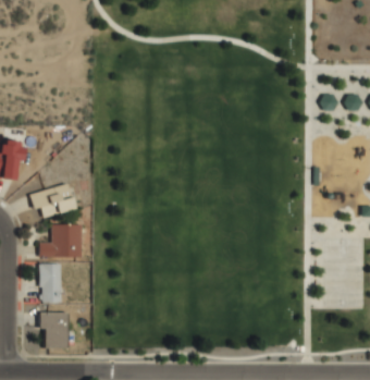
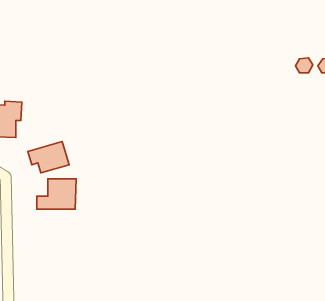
building: [41,263,62,303] -> none
building: [40,312,69,348] -> none

